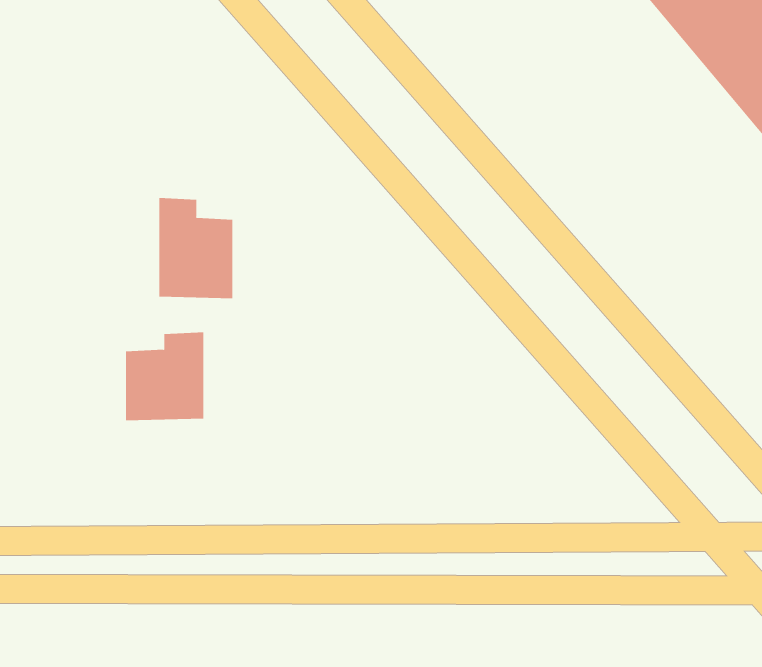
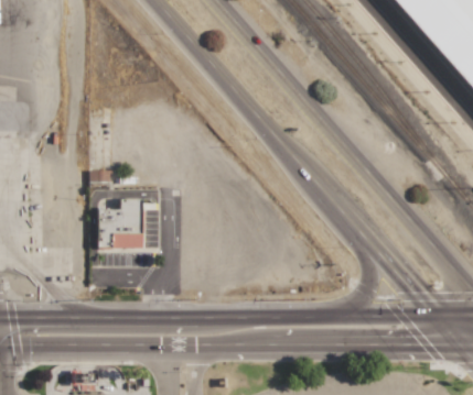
building: [159,197,233,299] -> none

